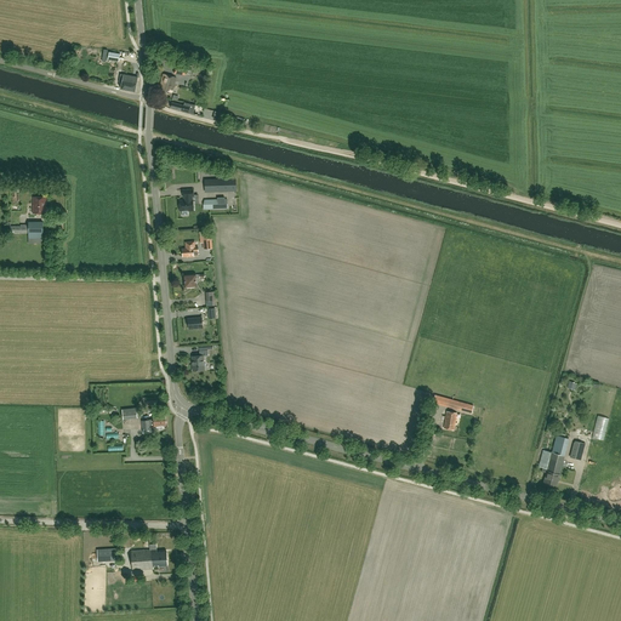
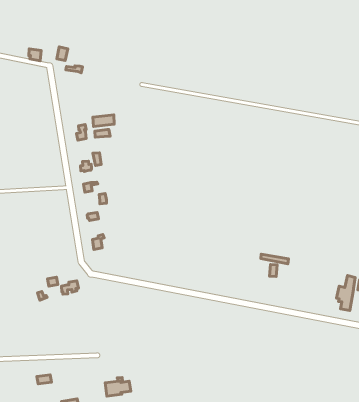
building: [130,545,166,570] -> [105,377,131,396]

